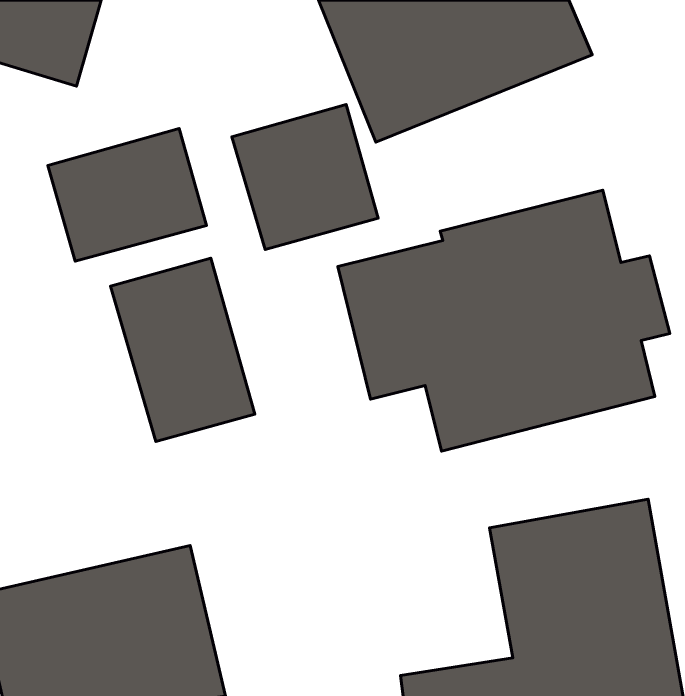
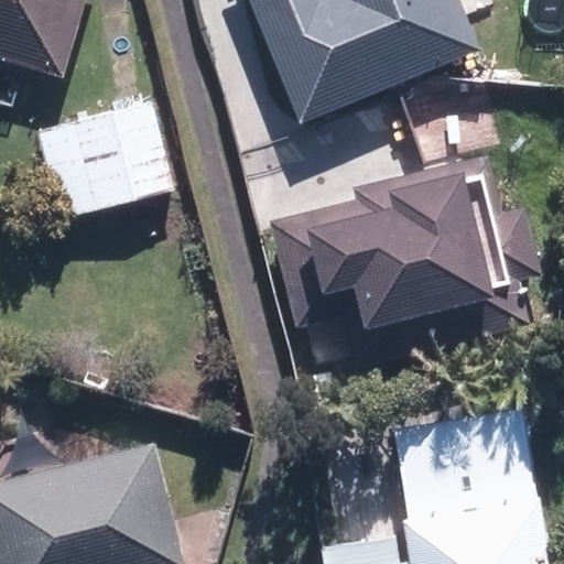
building: [232,105,378,250] -> none
building: [111,258,255,442] -> none

